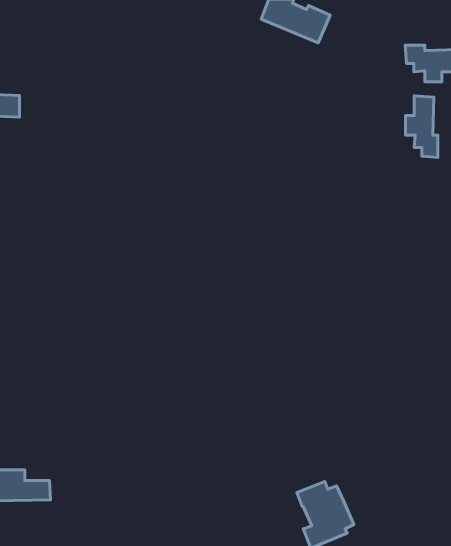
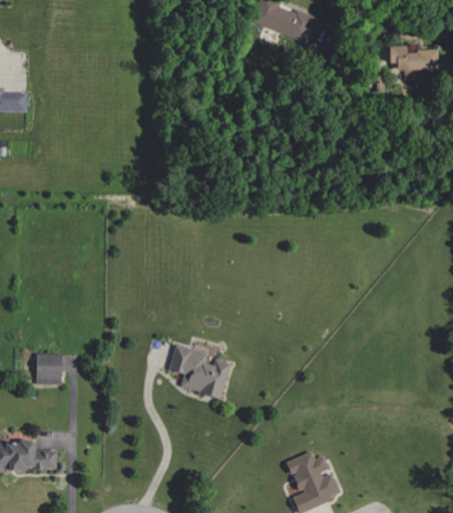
building: [406,96,438,157] -> none
building: none -> [169,345,230,399]
building: none -> [36,354,62,385]

